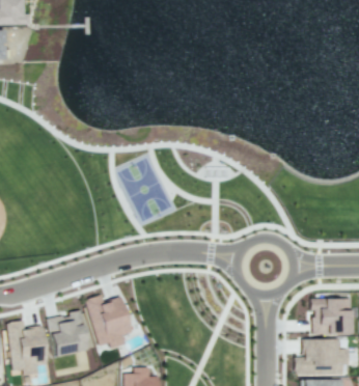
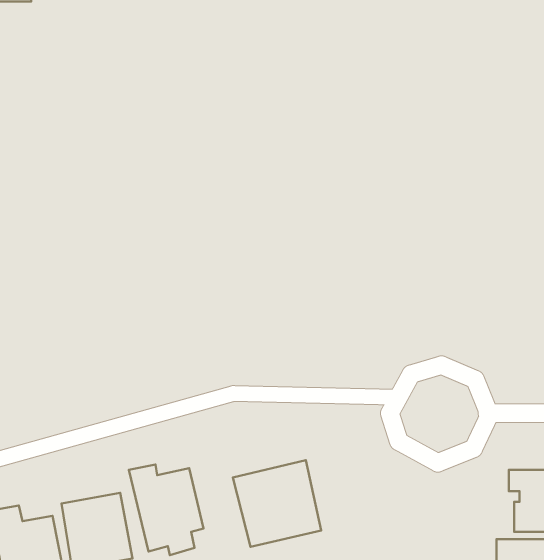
building: none -> [233,460,321,547]

